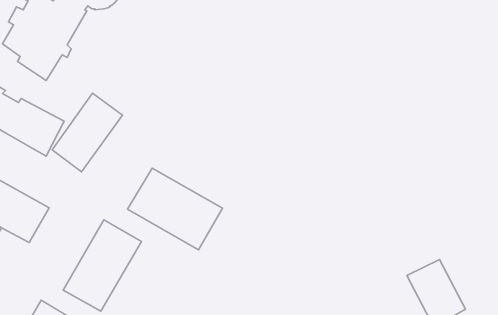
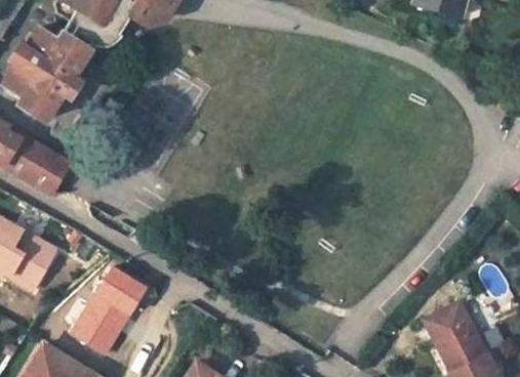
building: [52,93,123,172] -> none
building: [128,168,222,250] -> none

